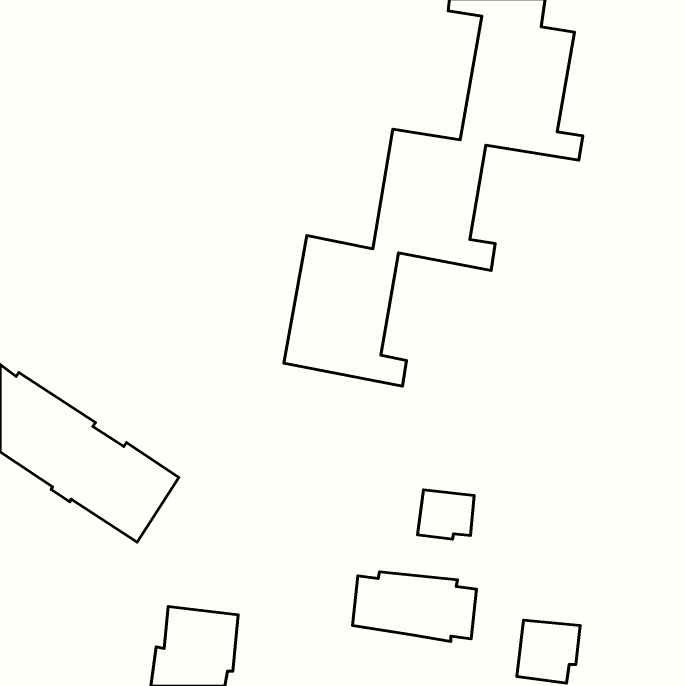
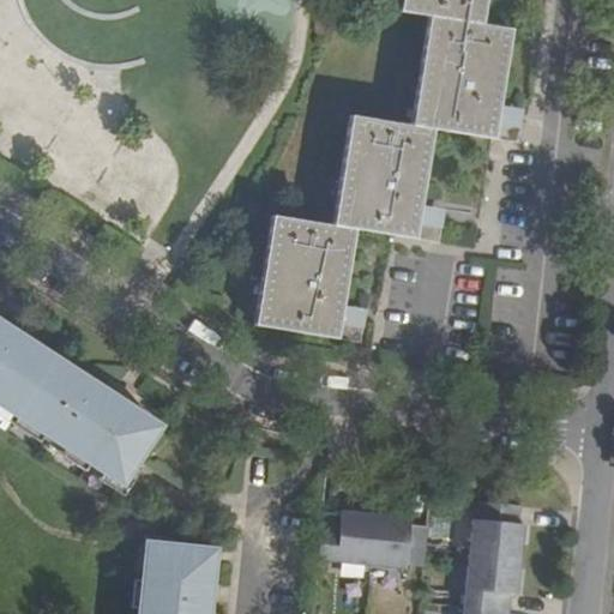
building: [417,490,474,539] -> none
building: none -> [469,500,524,558]

